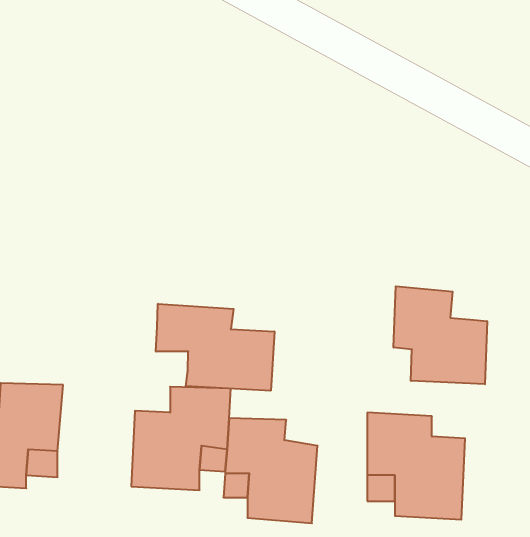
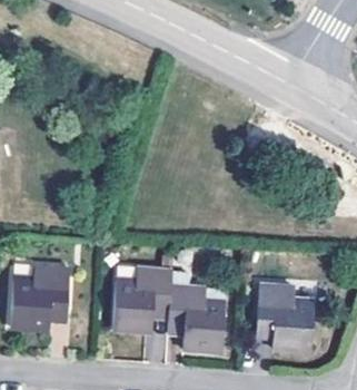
building: [394,286,487,384] -> none
building: [156,304,274,391] -> none

